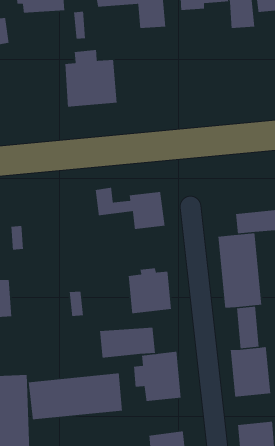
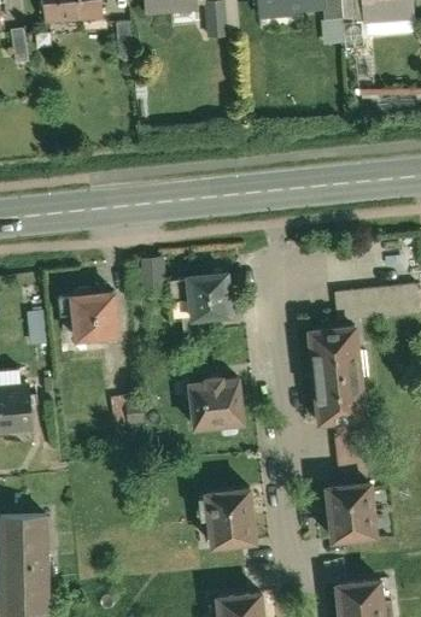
building: [64,49,118,108] -> none
building: none -> [57,284,118,353]
building: [99,327,156,358] -> none
building: [28,373,123,420] -> none

